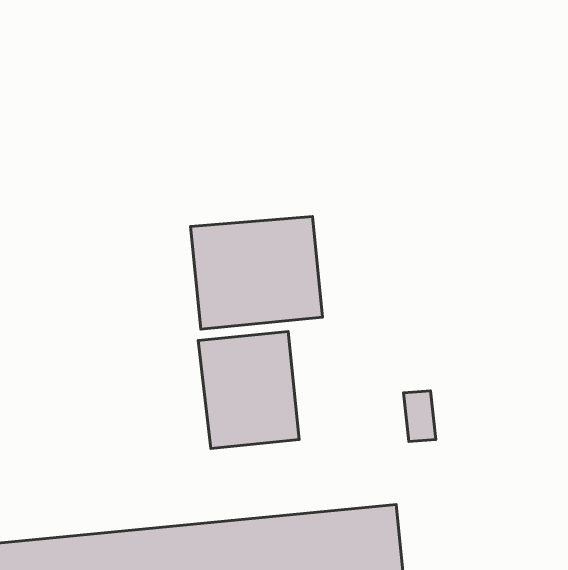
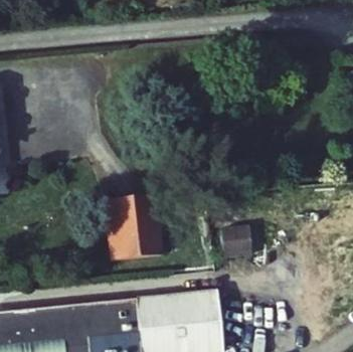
building: [191,216,323,329] -> none

